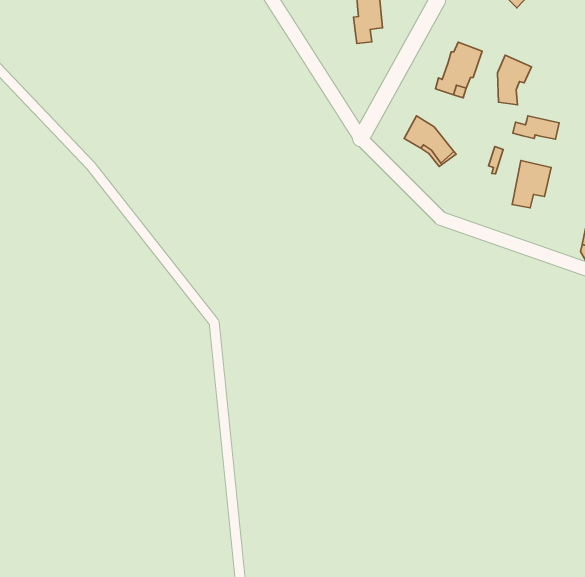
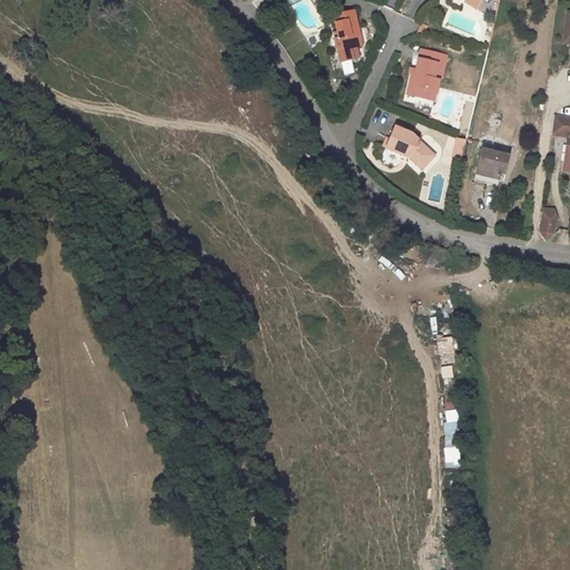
building: [498,55,531,105] -> none
building: [513,116,559,139] -> none

